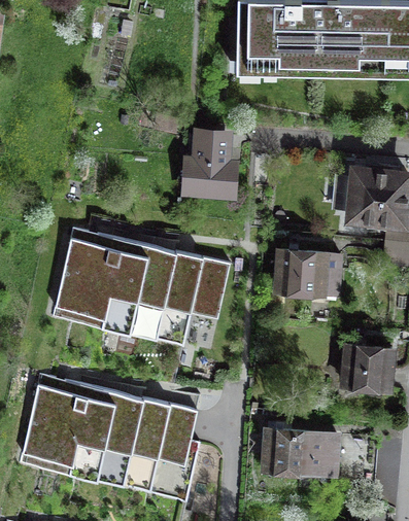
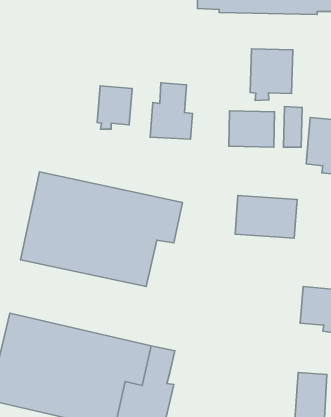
building: none -> [250,49,293,100]
building: none -> [97,86,132,129]
building: none -> [229,111,274,147]
building: [266,430,338,477] -> none

